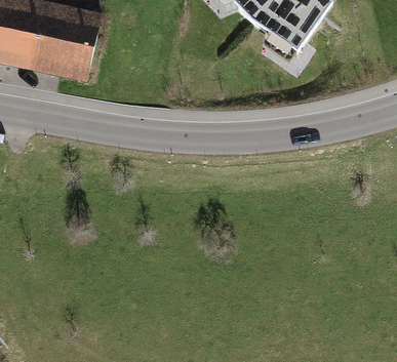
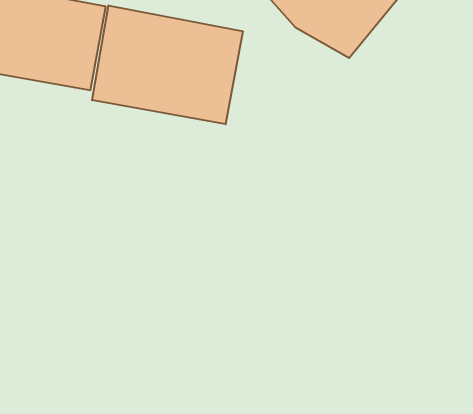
building: none -> [92,5,243,124]

